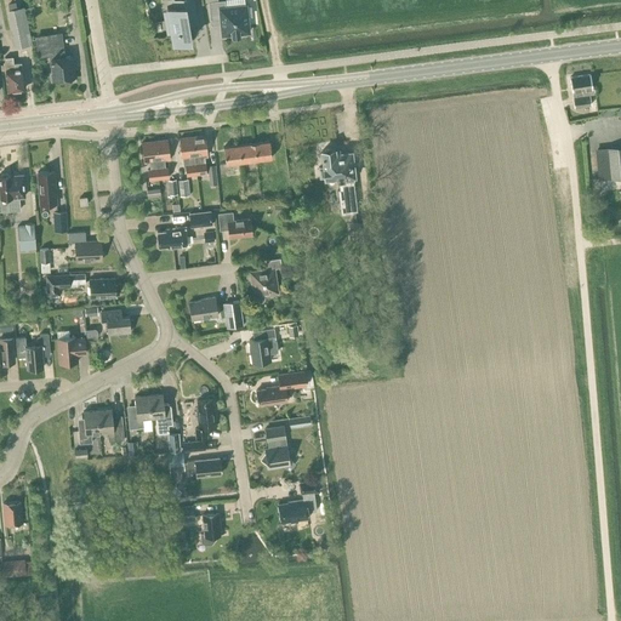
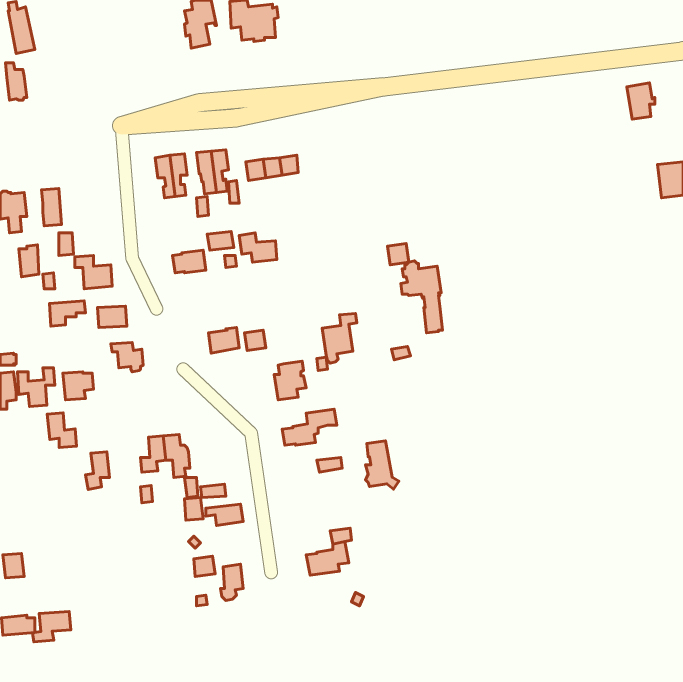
building: [44,33,74,82] -> none
building: [318,148,355,213] -> [401,261,442,333]
building: [250,260,281,304] -> [322,314,357,363]
building: [195,400,216,439] -> none
building: [97,410,124,441] -> [47,413,76,448]
building: [264,427,295,471] -> [366,441,399,489]
building: none -> [32,611,71,642]

